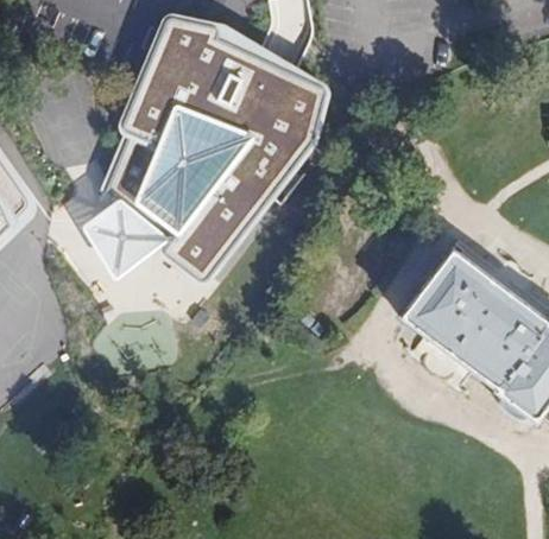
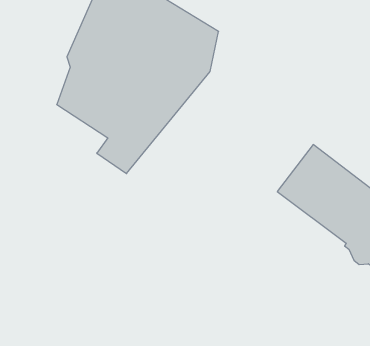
building: [78,203,168,280] -> none

